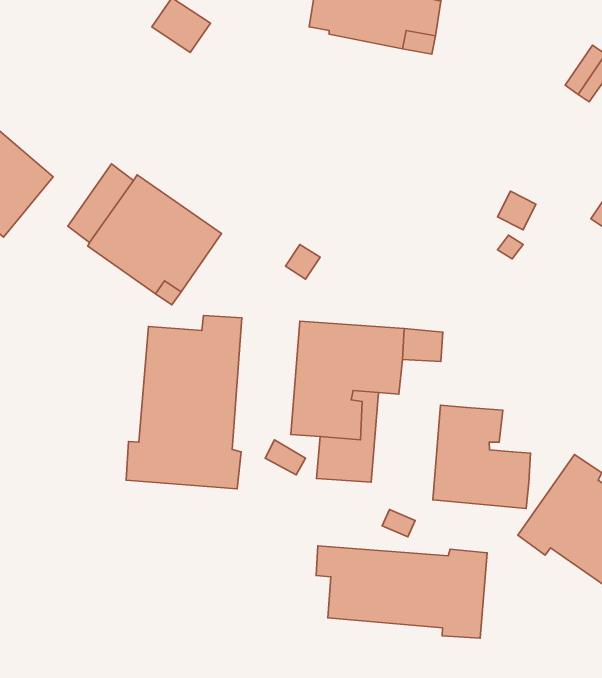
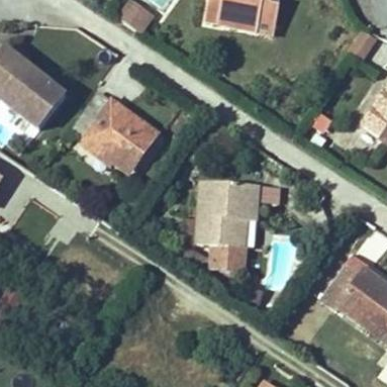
building: [126,316,242,489] -> none
building: [433,405,531,508] -> none
building: [316,546,487,638] -> none

